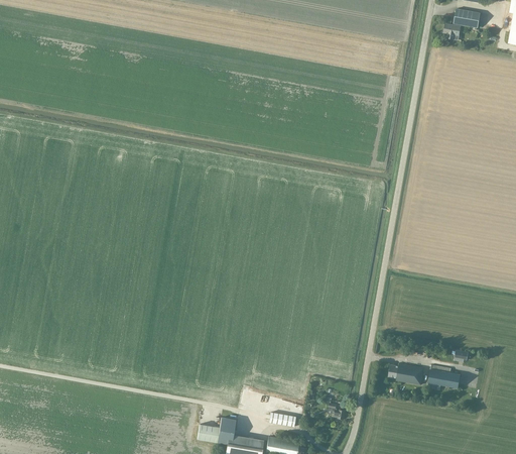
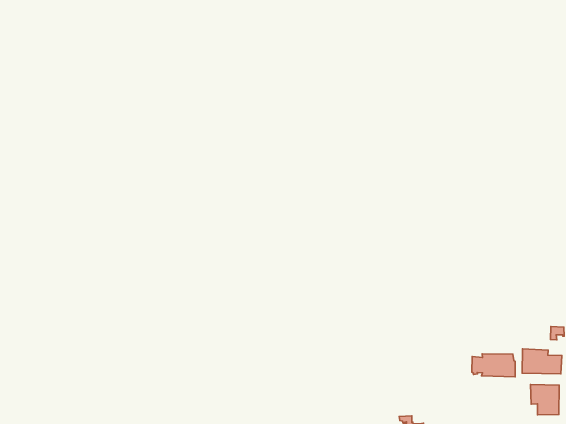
building: none -> [531,385,559,415]

